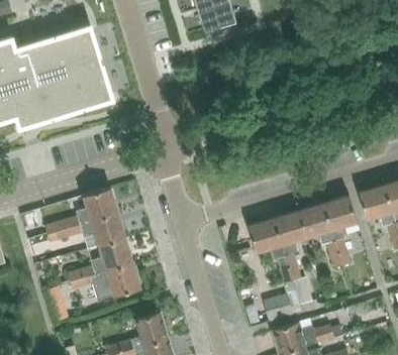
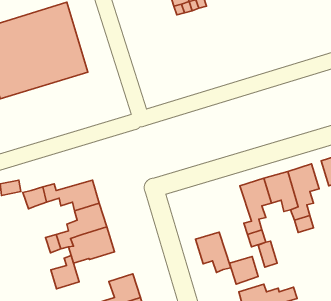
building: [75,188,117,224] -> none
building: [247,219,285,261] -> [195,232,231,272]
building: none -> [51,256,79,289]

